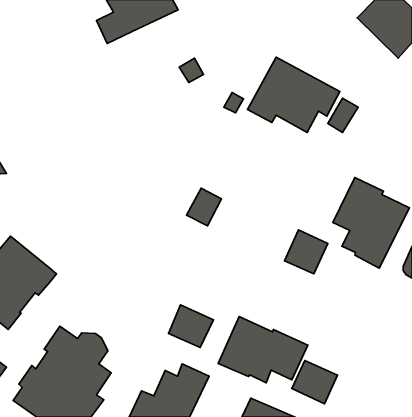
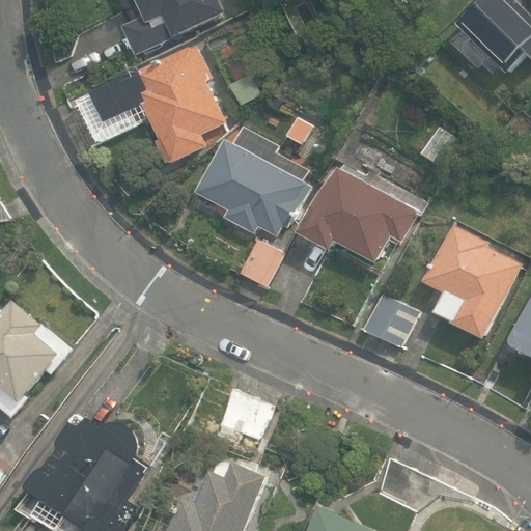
building: none -> [87,45,225,164]
building: [247,57,340,132] -> [299,167,416,262]
building: none -> [192,125,305,236]
building: [218,316,308,383] -> none

